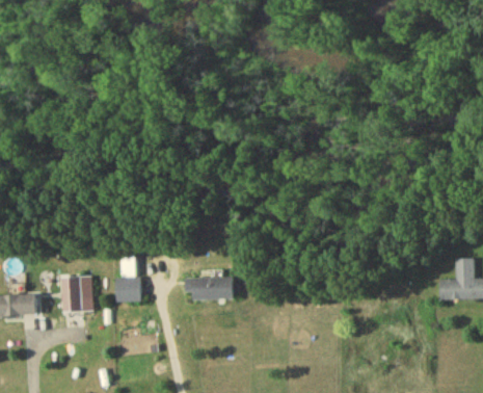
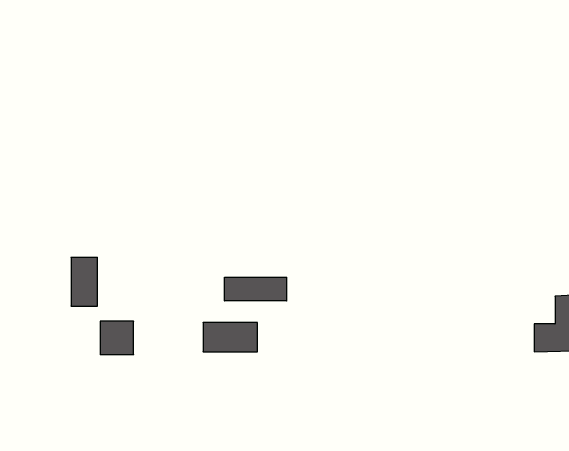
building: none -> [225,277,287,301]
building: [62,276,82,312] -> [71,257,97,306]

